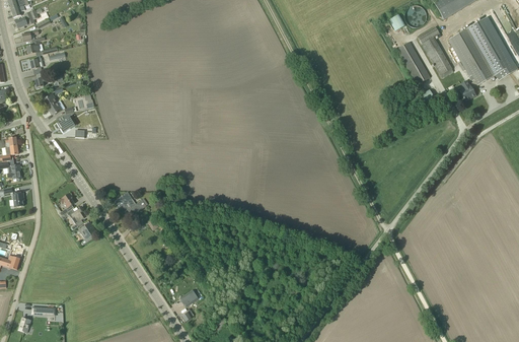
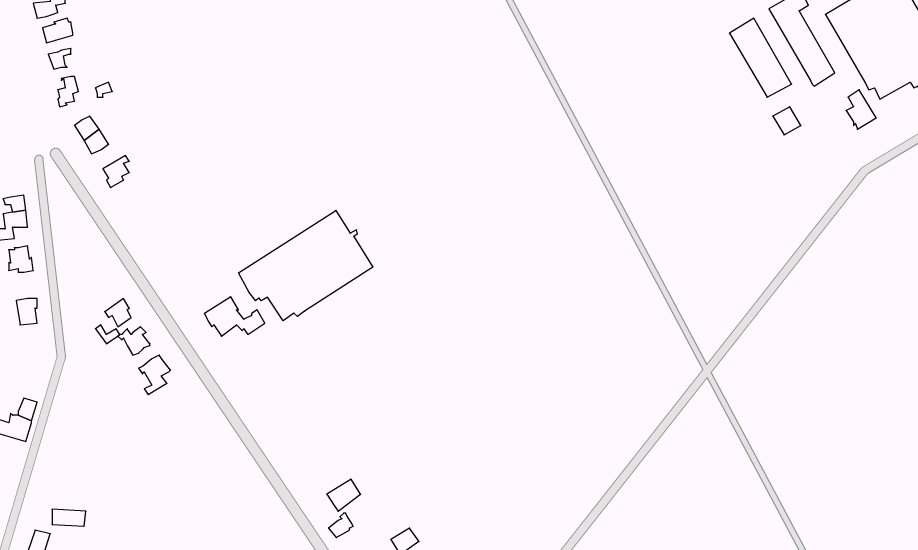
building: none -> [239,210,373,321]

